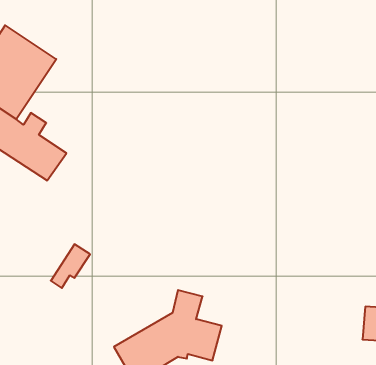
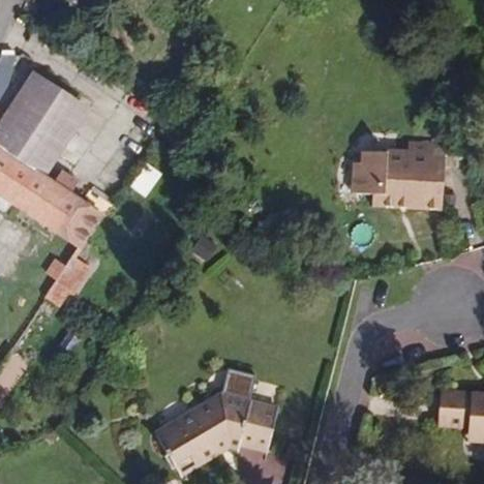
building: none -> [352,142,445,209]
building: [51,244,90,288] -> [46,254,90,304]

